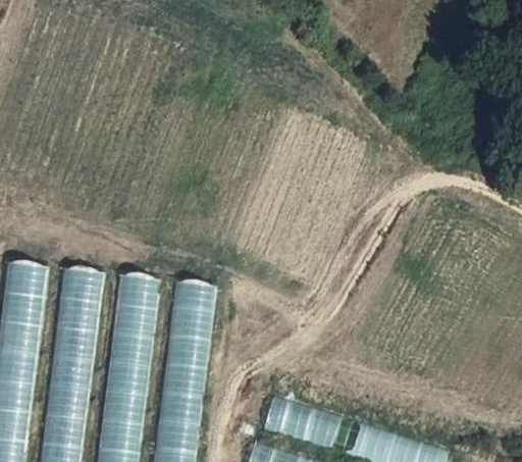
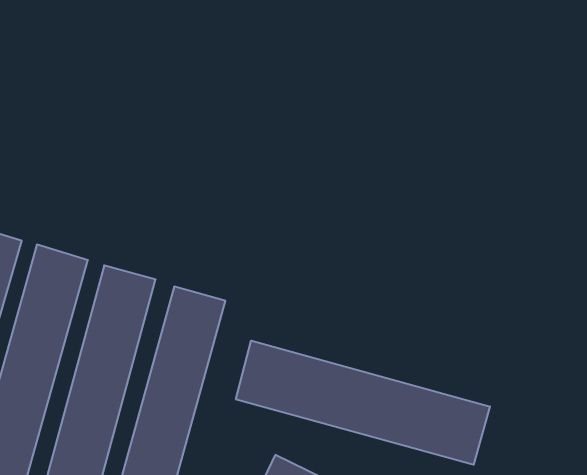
building: none -> [236,341,490,465]

